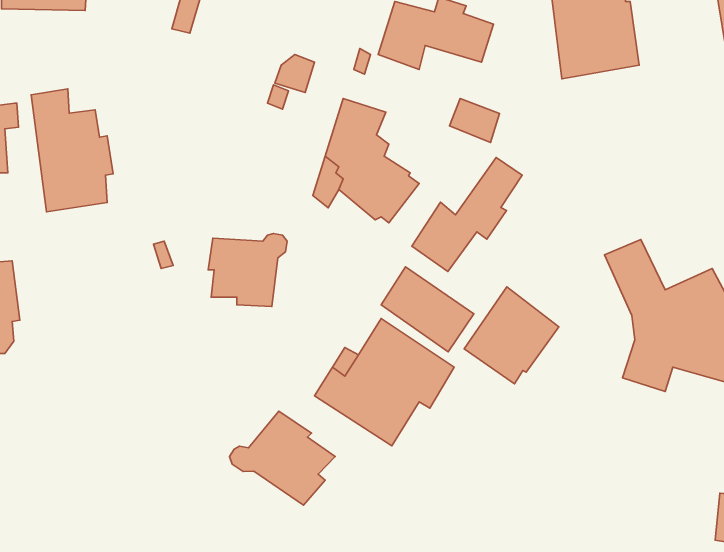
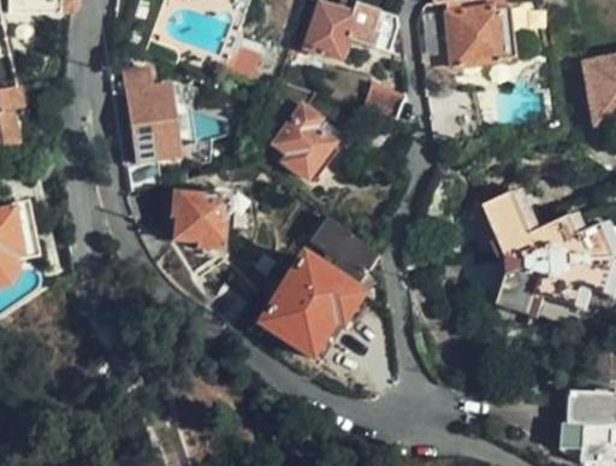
building: [31,89,113,212] -> [123,65,188,163]
building: [412,157,522,271] -> none
building: [464,287,559,384] -> none
building: [230,411,335,505] -> none

